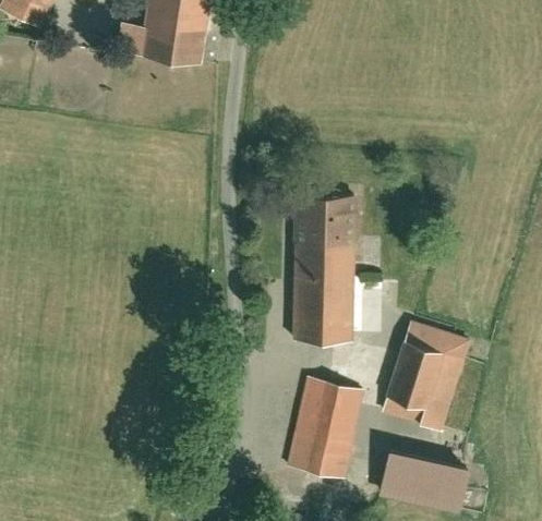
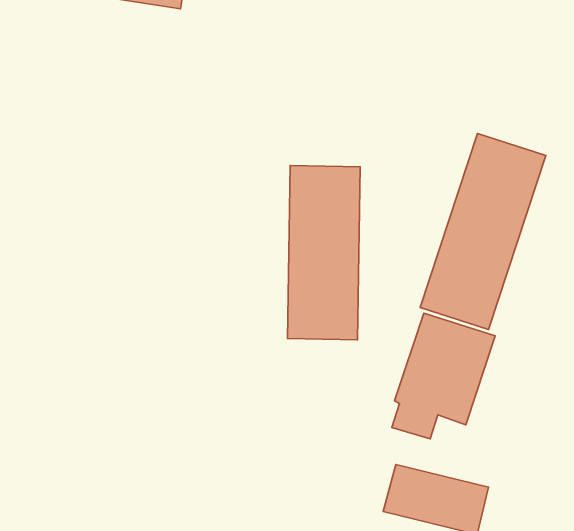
building: none -> [420,133,546,330]
building: [287,376,368,482] -> none

